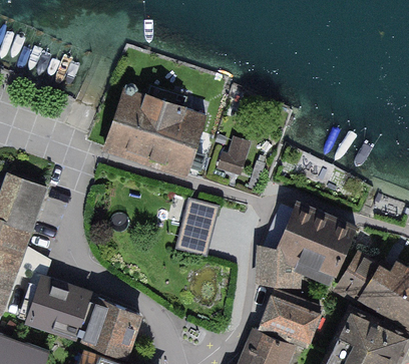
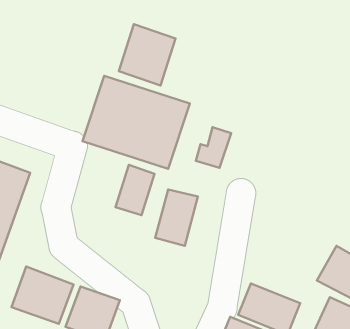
building: none -> [119,24,175,85]
building: none -> [115,165,155,215]
building: [256,206,358,293] -> none

